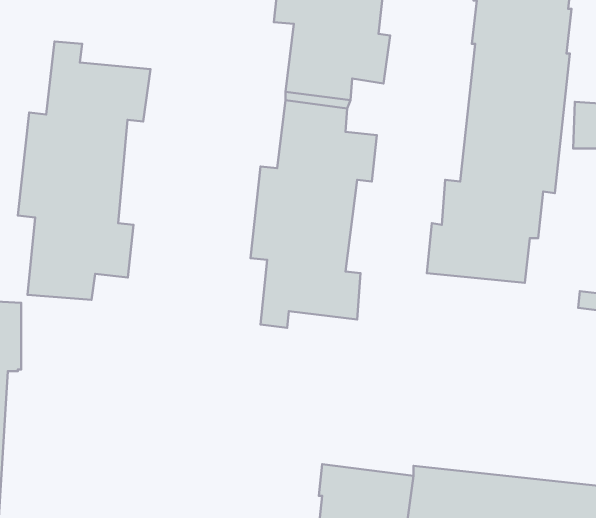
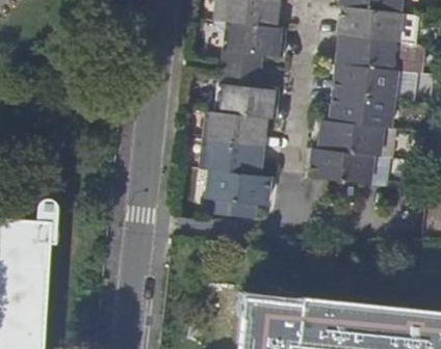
building: [18,41,151,300] -> none

